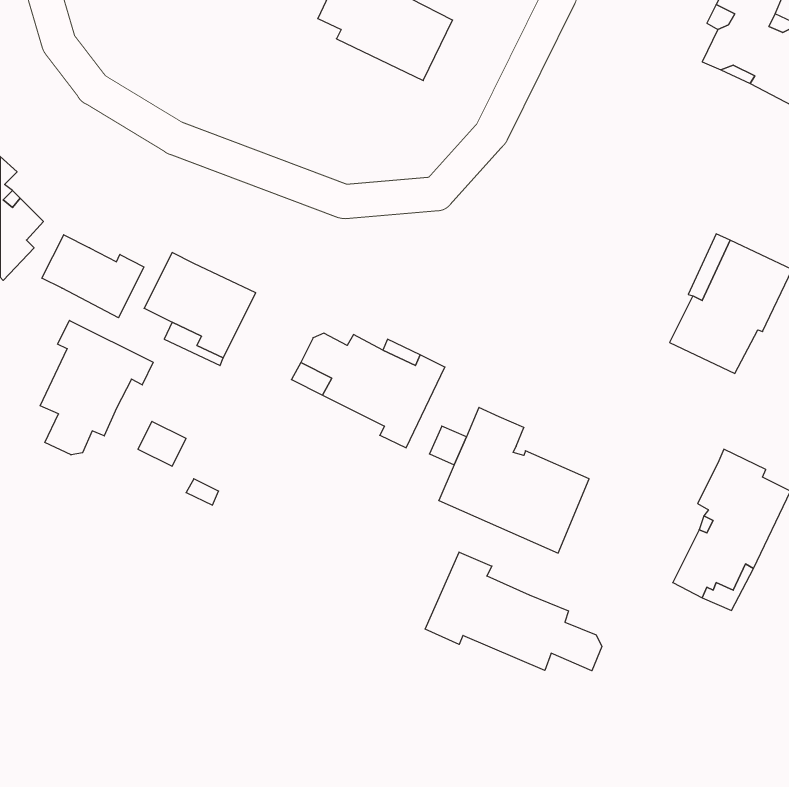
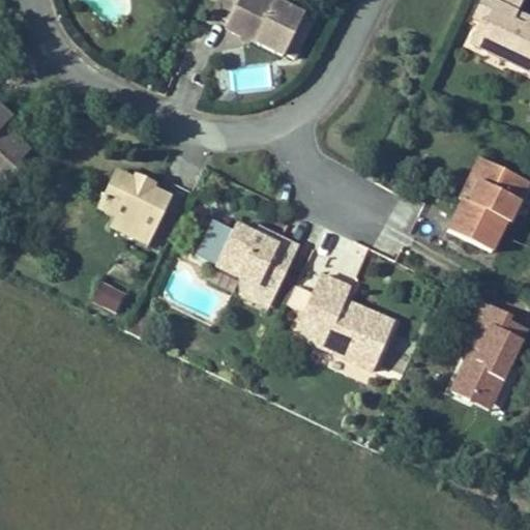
building: [42,235,144,318] -> none
building: [40,320,153,455] -> none
building: [425,552,602,671] -> none

